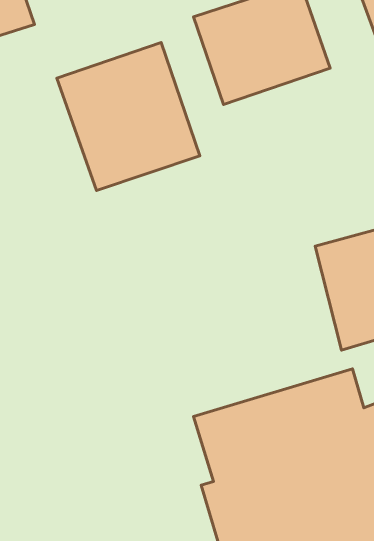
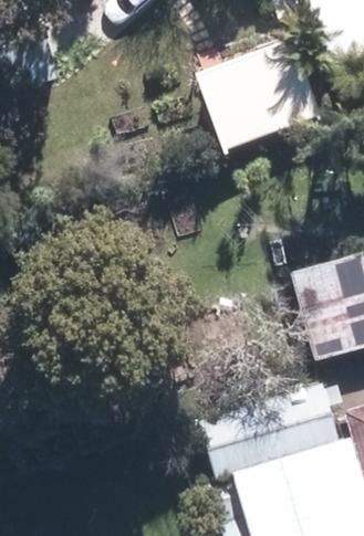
building: [57,43,200,190] -> none

